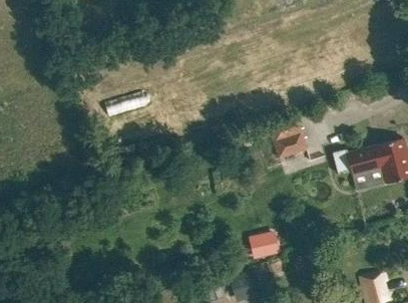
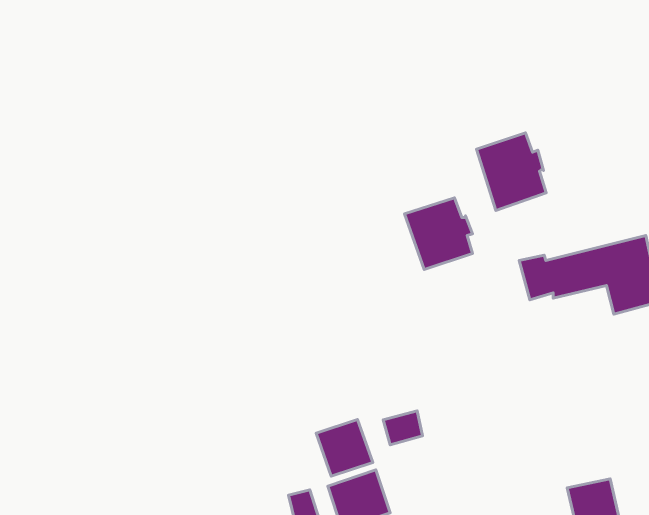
building: none -> [477,133,546,210]
building: none -> [316,419,373,476]

